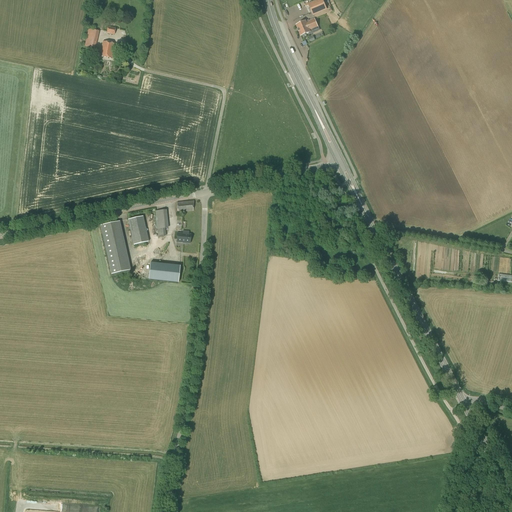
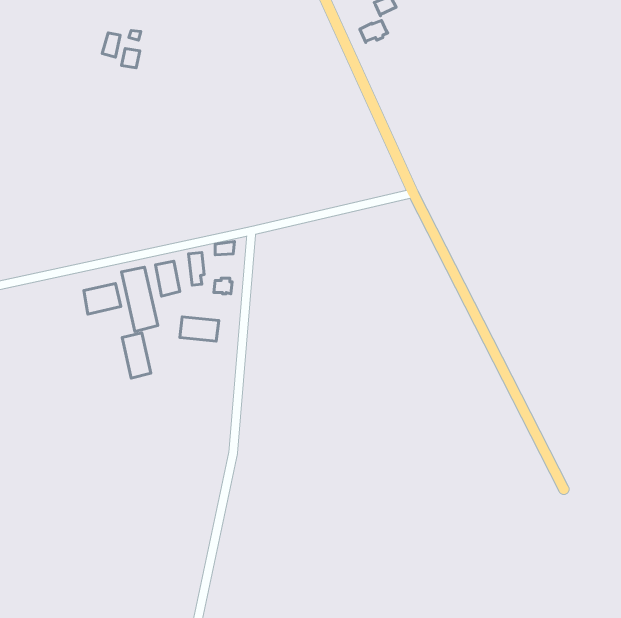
building: none -> [84,283,121,314]
building: none -> [122,333,151,378]

